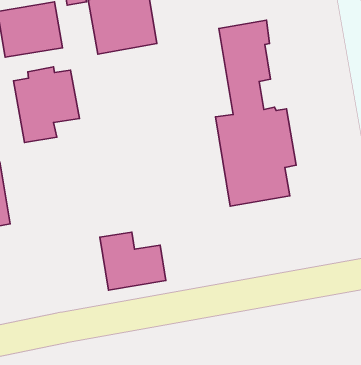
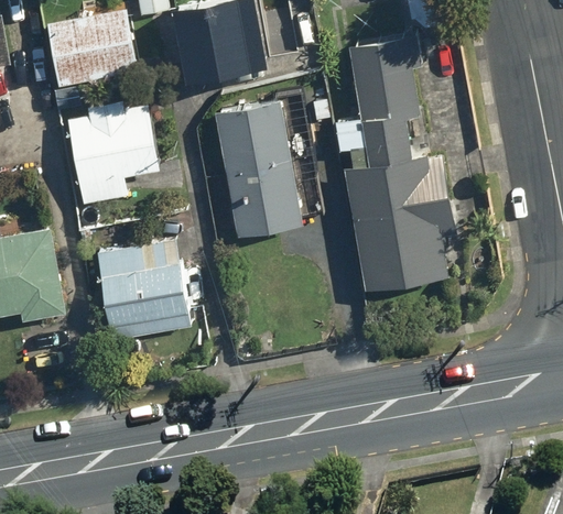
building: none -> [215,102,301,236]
building: [100,232,166,290] -> [97,248,187,327]

